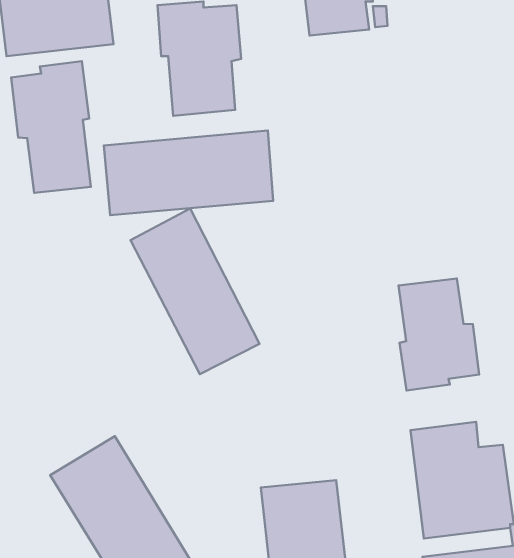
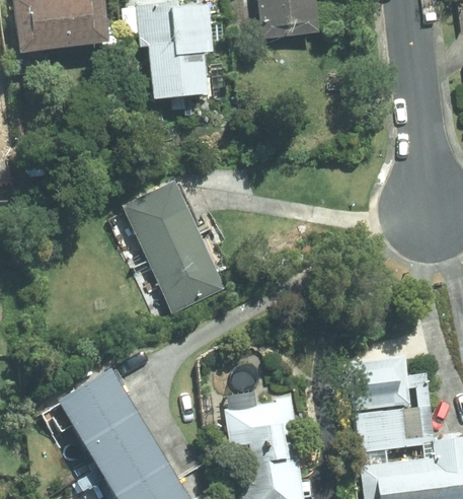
building: [11,61,91,193] -> none
building: [104,131,273,215] -> none
building: [399,279,479,390] -> none

